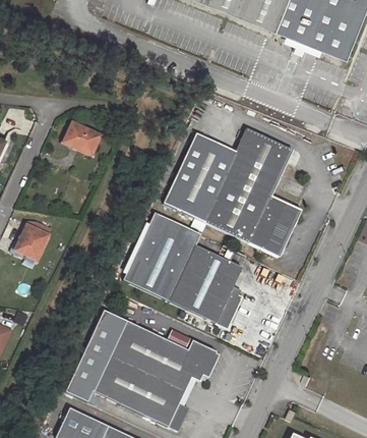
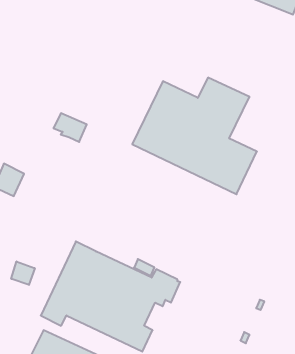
building: [63,123,100,155] -> [53,113,87,142]
building: [124,212,244,329] -> none
building: none -> [11,261,35,285]

